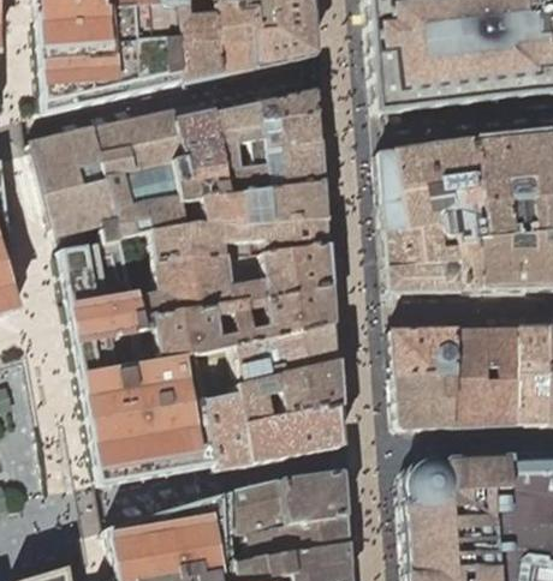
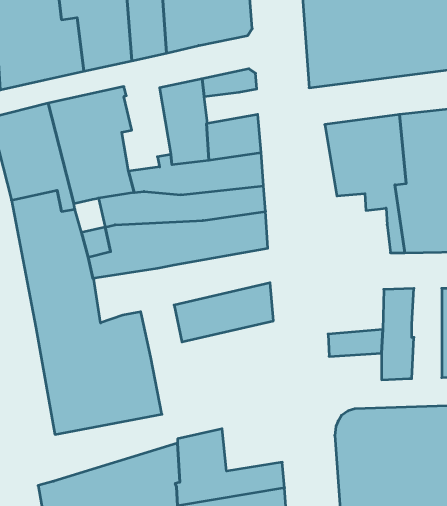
building: [176,112,228,202] -> none
building: [264,113,322,150] -> none
building: [382,151,465,290] -> none
building: [144,284,335,365] -> none
building: [488,328,521,425] -> none
building: [394,329,458,377] -> none
building: [207,363,345,469] -> none
building: [399,397,456,429] -> none
building: [284,469,349,525] -> none

